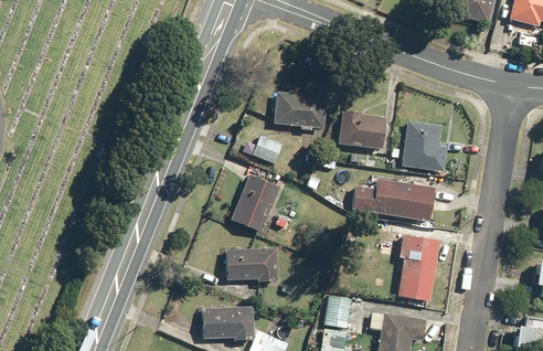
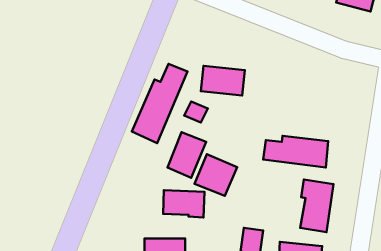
building: none -> [132,64,187,143]
building: [338,113,384,147] -> none
building: [402,120,447,171] -> none
building: none -> [195,154,237,196]

